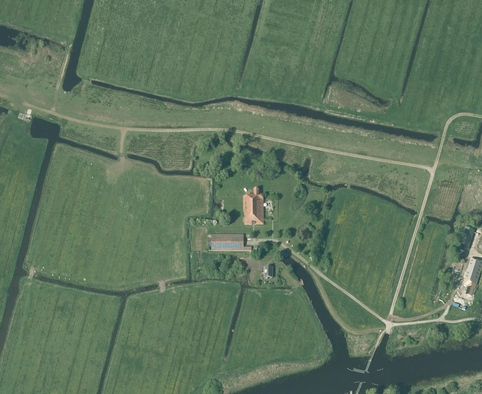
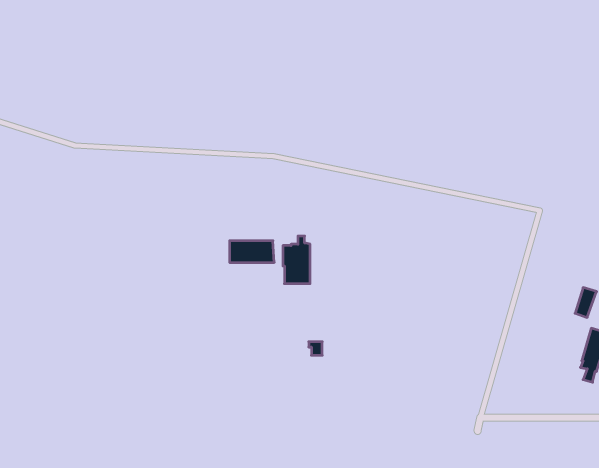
building: [211,234,244,250] -> [230,241,274,262]

